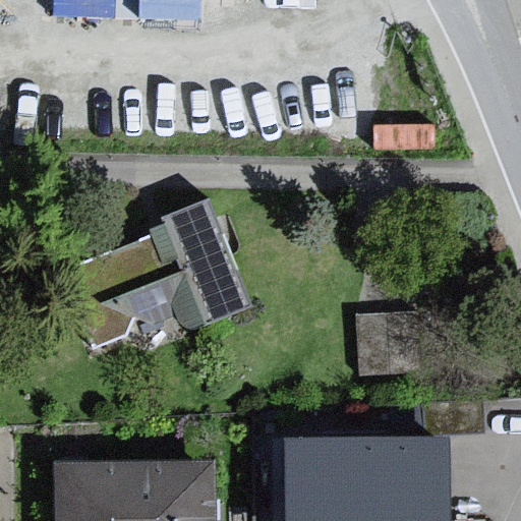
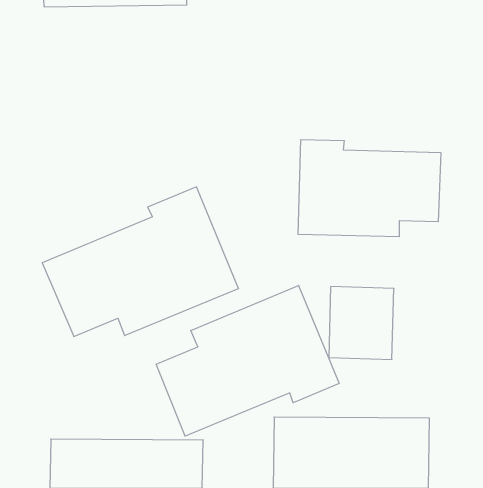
building: none -> [298,140,441,237]
building: none -> [156,285,339,436]

